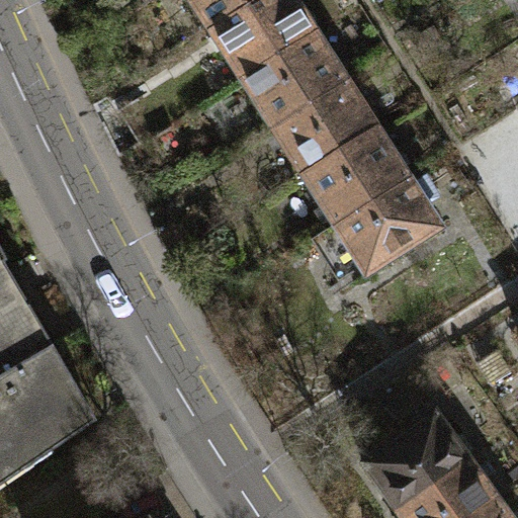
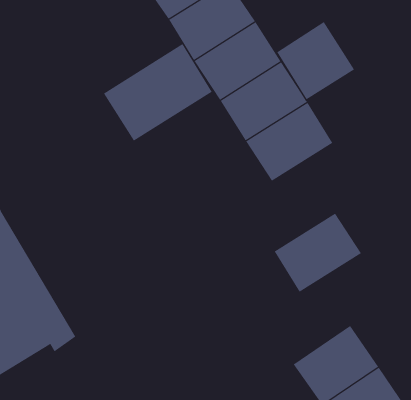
building: none -> [277,21,355,100]
building: none -> [103,43,213,141]
building: [337,181,445,279] -> [274,213,362,293]

